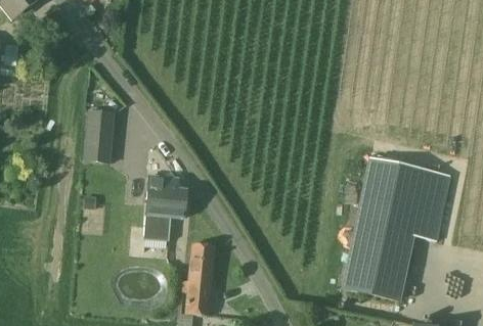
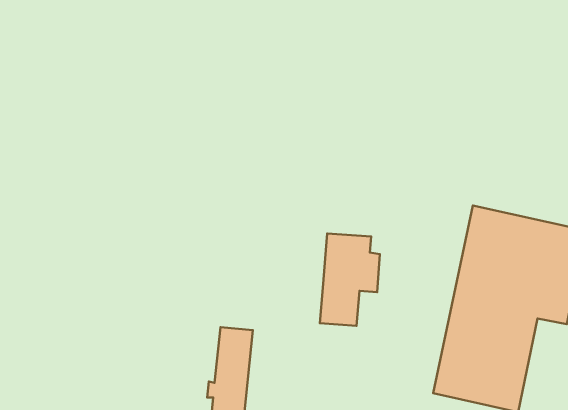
building: [85,111,115,162] -> none
building: [145,176,187,240] -> [320,234,380,326]

